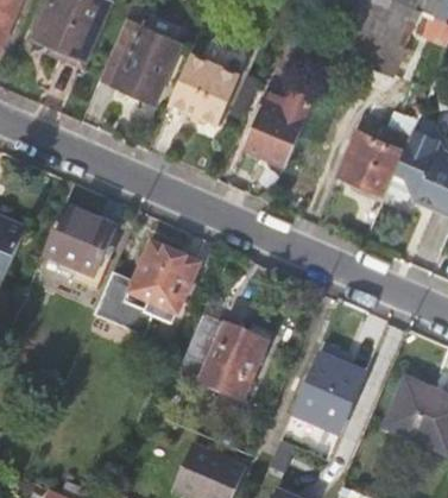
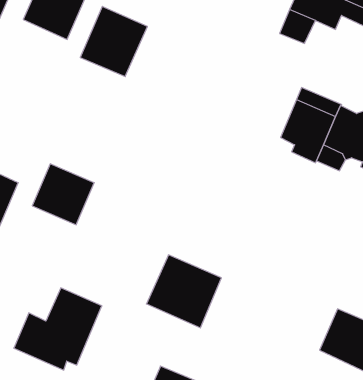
building: [169,52,239,124] -> none
building: [242,86,314,163] -> none
building: [95,240,200,338] -> [14,288,102,370]
building: [292,353,365,433] -> none

